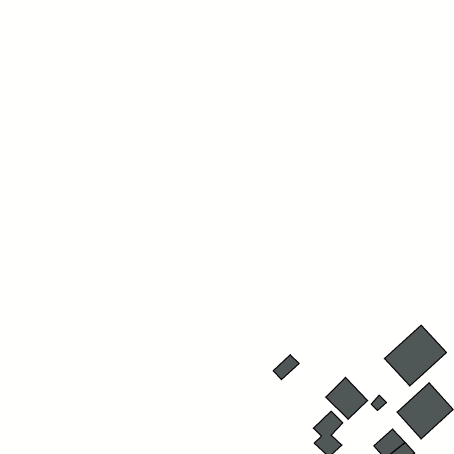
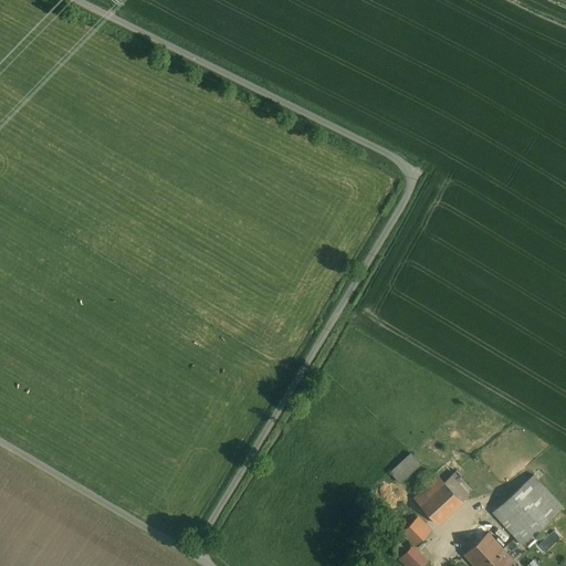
building: [384,325,446,386] -> none
building: [273,355,299,380] -> [390,452,422,483]

